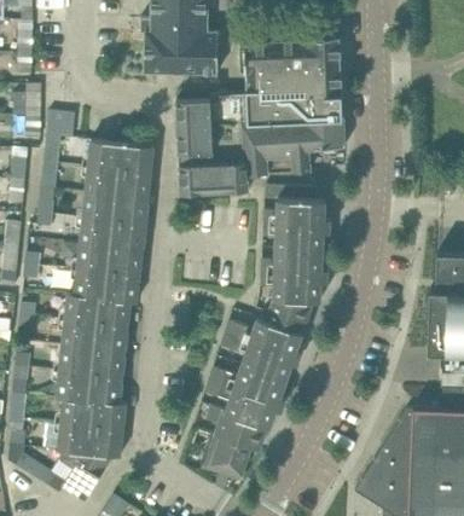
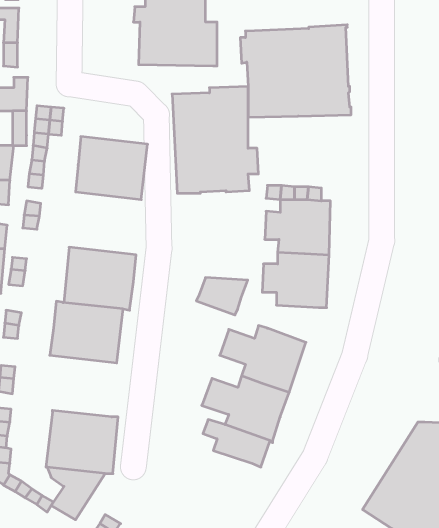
building: [248,120,346,175] -> none
building: [80,192,147,251] -> none
building: [266,298,314,334] -> [196,278,248,315]
building: [57,346,124,404] -> none
building: [203,435,251,492] -> none

